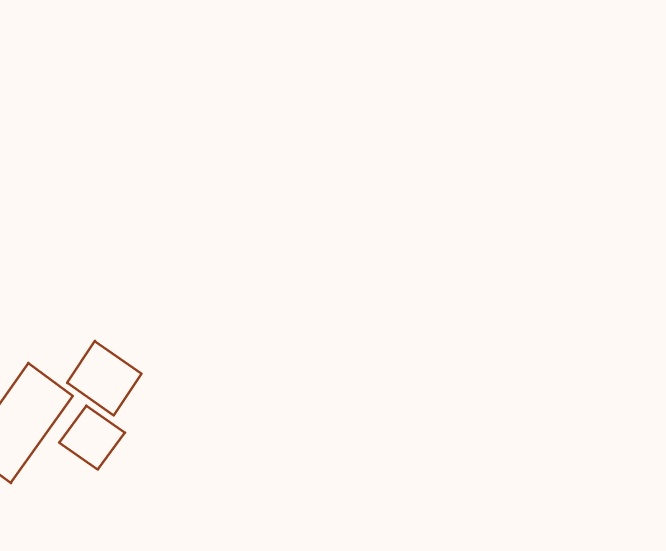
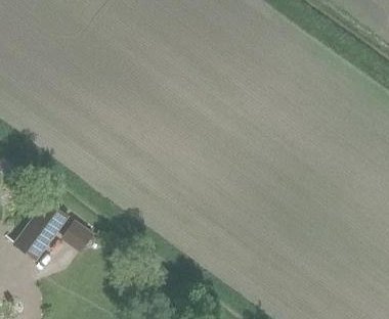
building: [67,341,141,415] -> none

